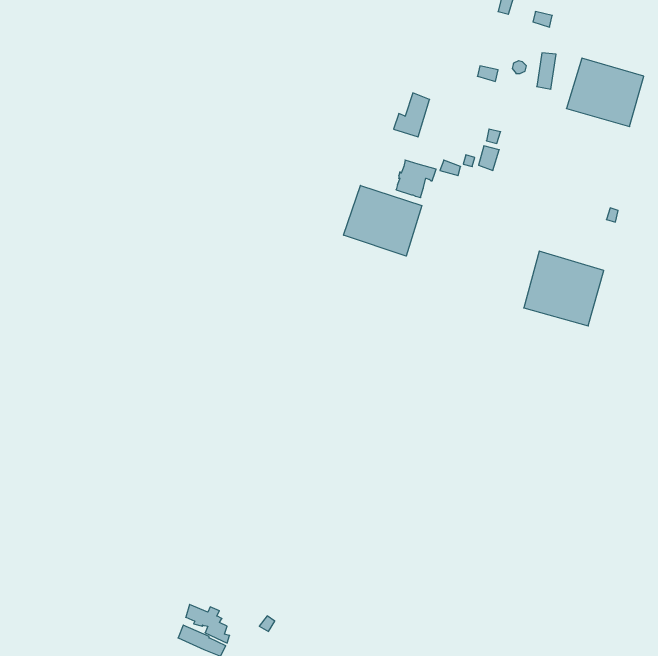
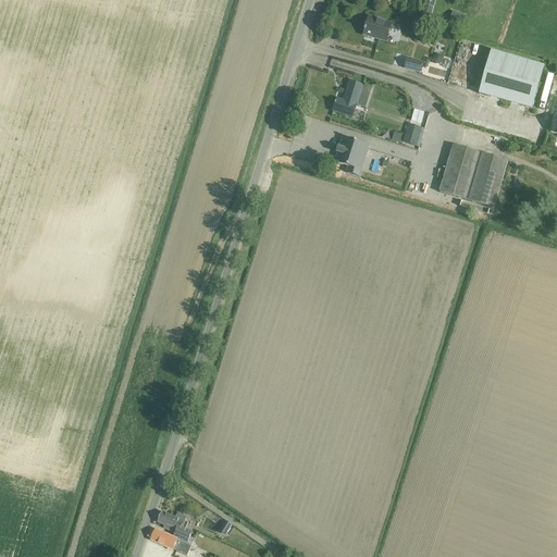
building: none -> [362,14,391,39]
building: [344,185,422,256] -> none
building: [524,251,604,326] -> [440,143,507,206]

